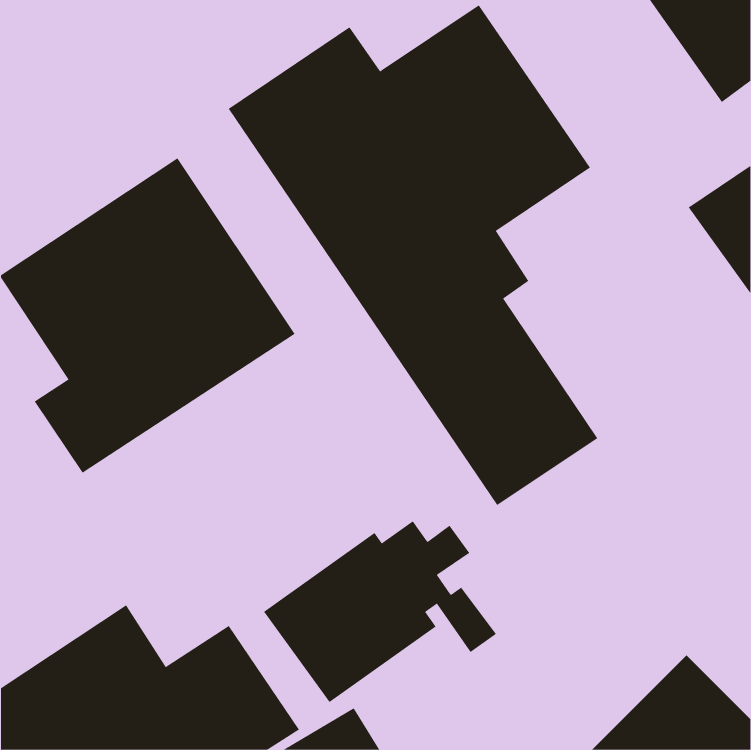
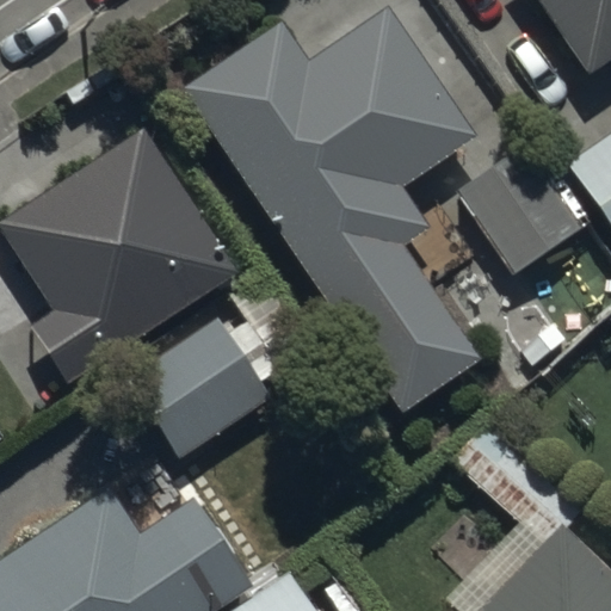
building: none -> [450,147,578,278]
building: [263,521,497,703] -> [123,316,313,464]

